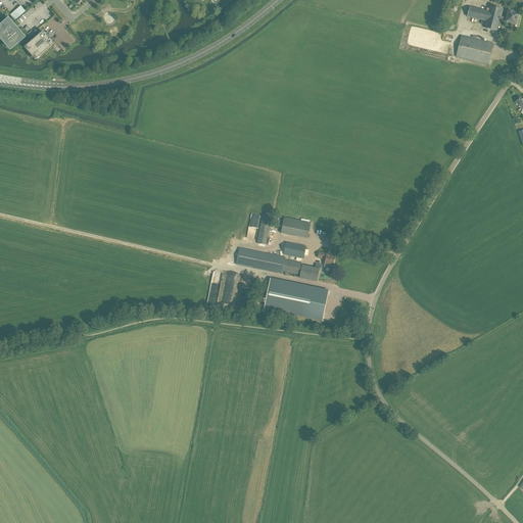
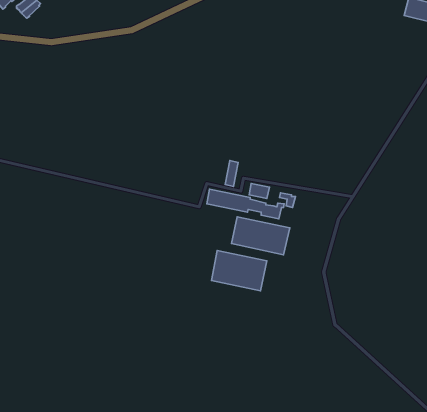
building: [280,216,311,237] -> none
building: none -> [211,250,267,291]

